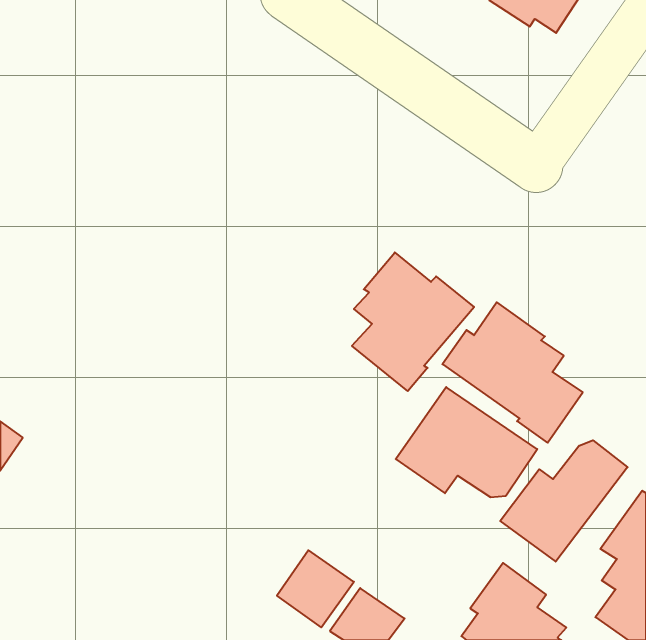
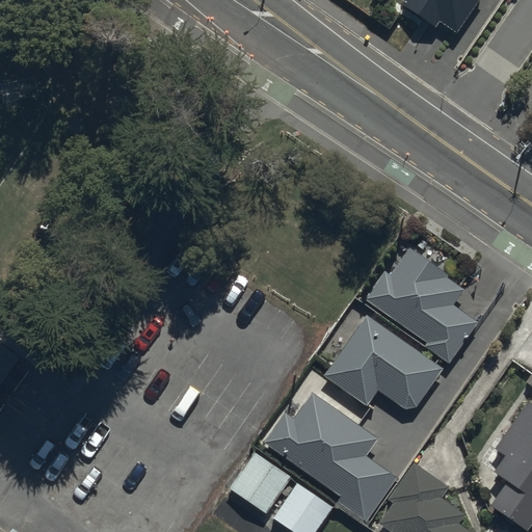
building: [352,252,474,391] -> none
building: [500,440,628,562] -> none
building: none -> [263,394,397,522]

